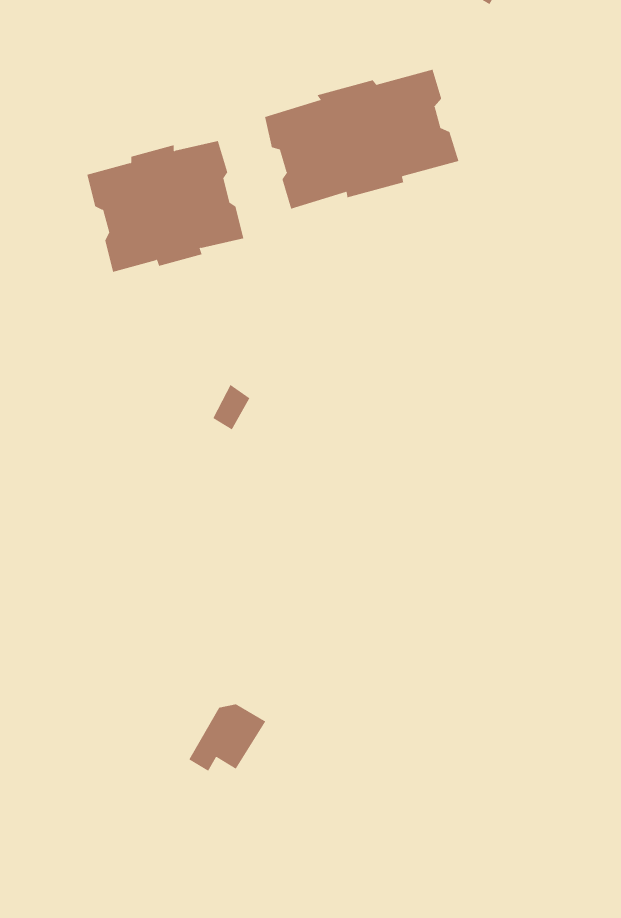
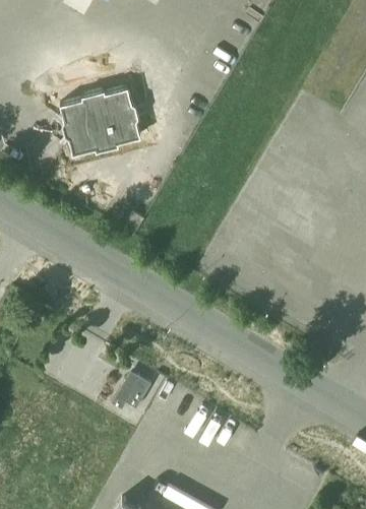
building: [265,69,459,209] -> none

